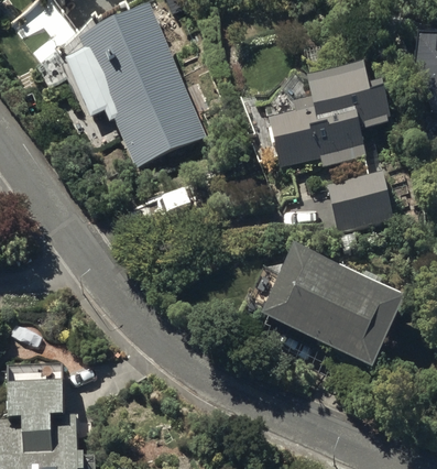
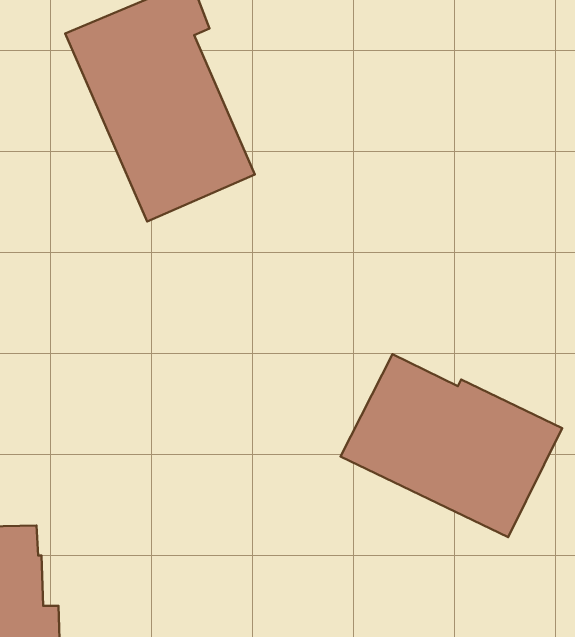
building: [267,64,392,164] -> none
building: [326,171,392,228] -> none

